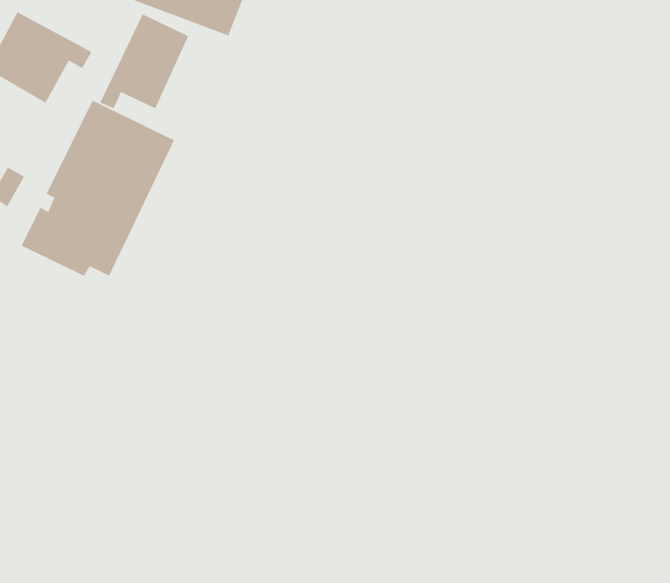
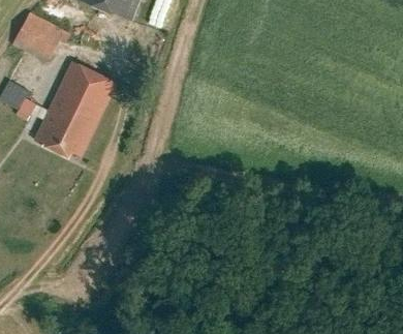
building: [100,13,189,109] -> none

